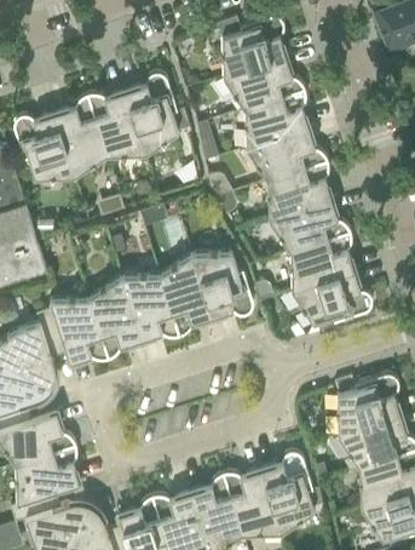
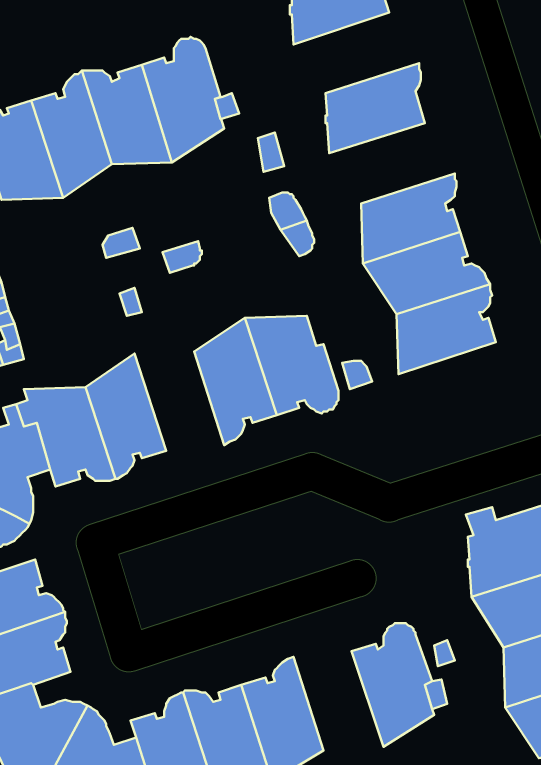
building: [224,58,305,110] -> none
building: [247,130,328,182] -> none
building: [292,271,373,337] -> none
building: [121,277,179,342] -> none
building: [224,471,282,535] -> none

